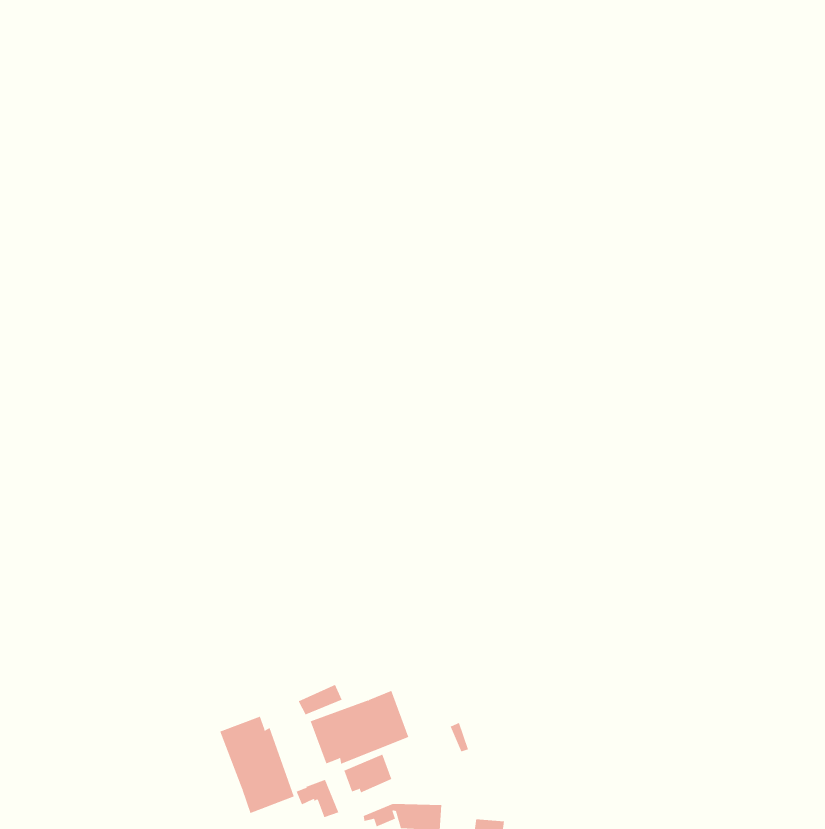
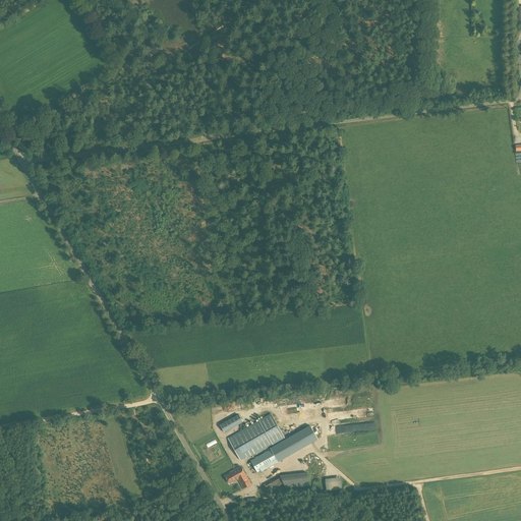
building: [219,716,295,814] -> none
building: none -> [269,429,309,462]

